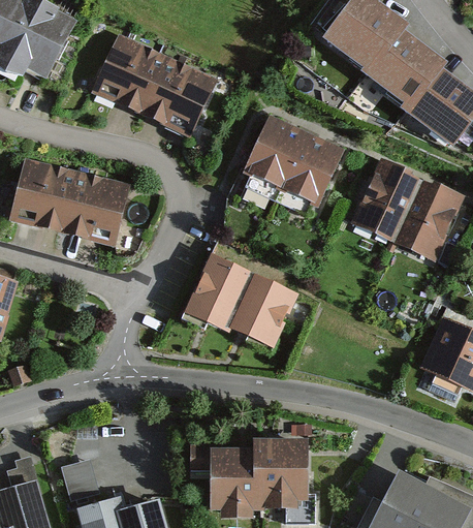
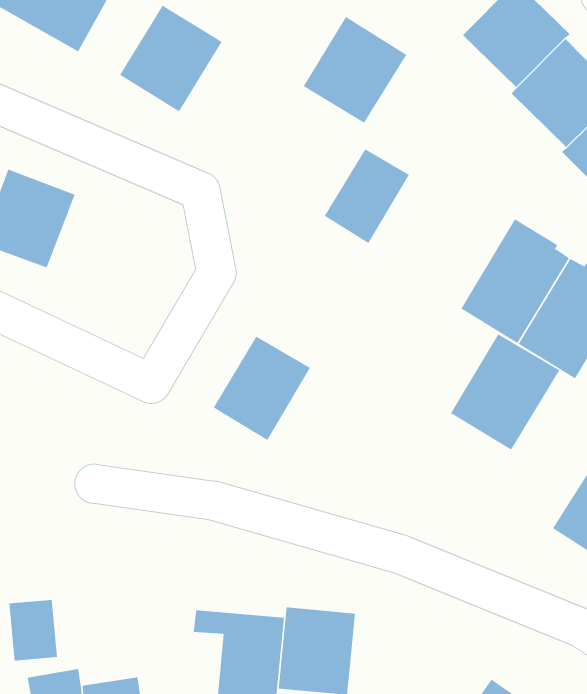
building: [139,58,209,130] -> [303,16,407,124]
building: [280,134,336,199] -> none
building: [61,175,123,239] -> none
building: none -> [450,333,560,450]
building: [226,275,290,346] -> none

